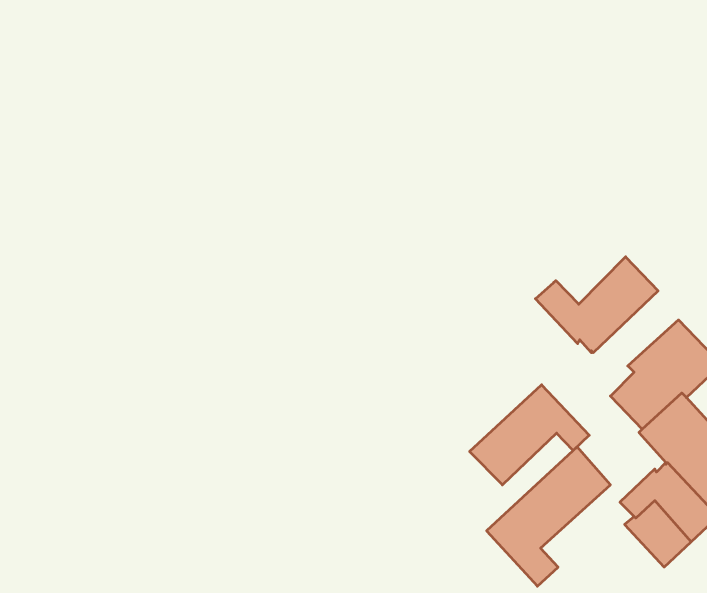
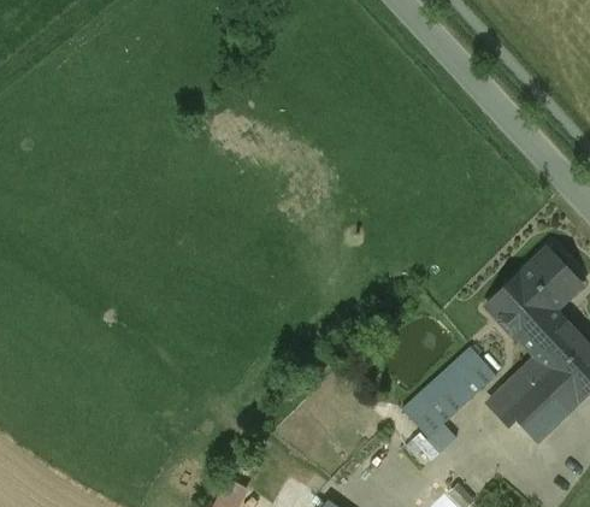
building: [535,257,658,353] -> none
building: [470,385,589,485] -> none

